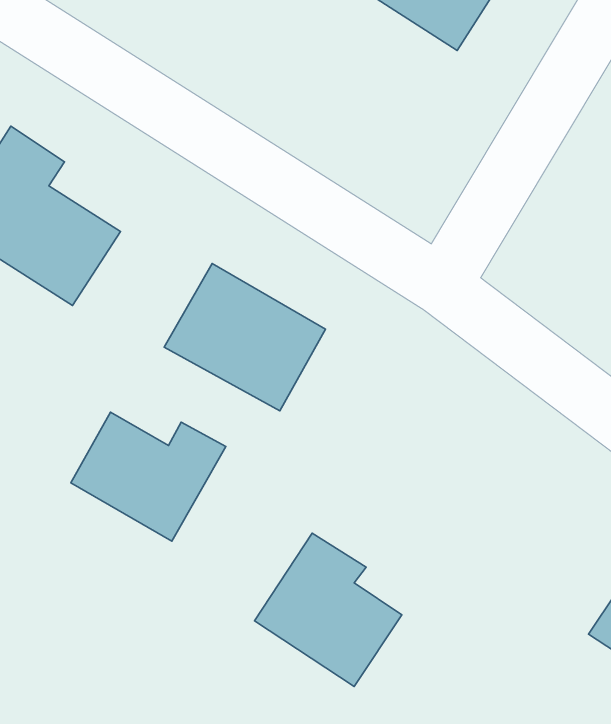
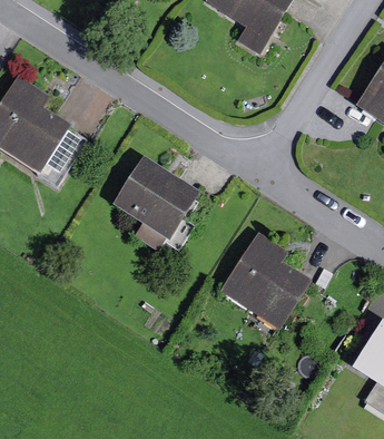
building: [71,412,226,541] -> none
building: [255,533,402,687] -> [227,235,309,321]

